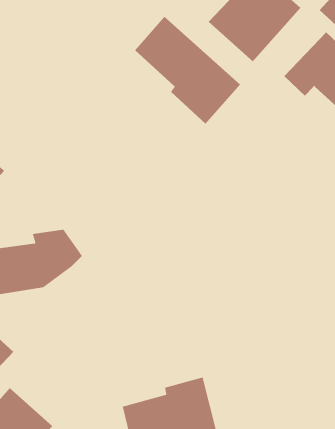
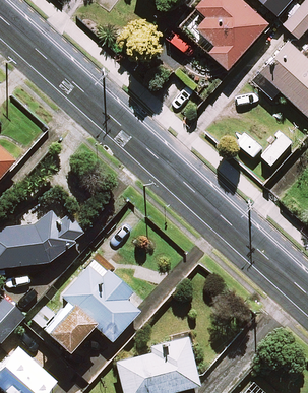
building: [134,16,241,124] -> none
building: none -> [43,261,138,356]

